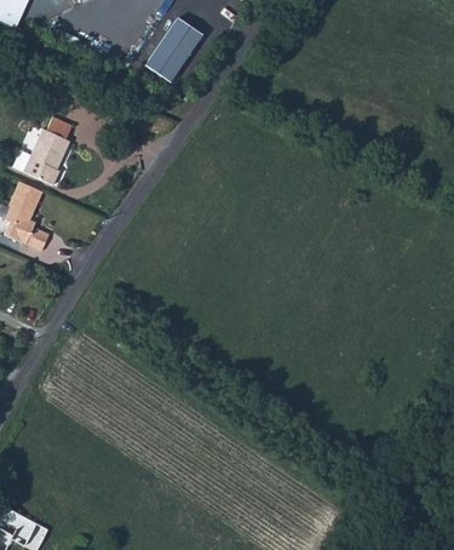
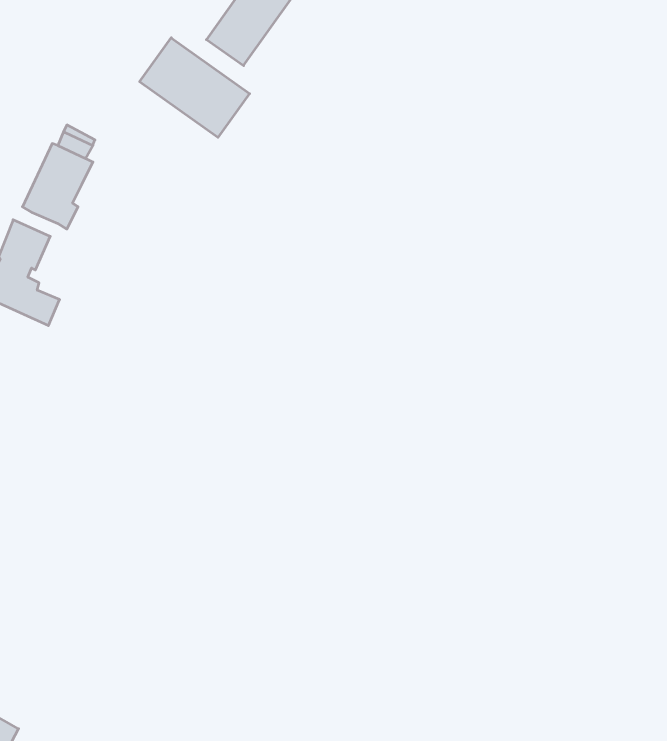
building: none -> [140,38,250,137]

